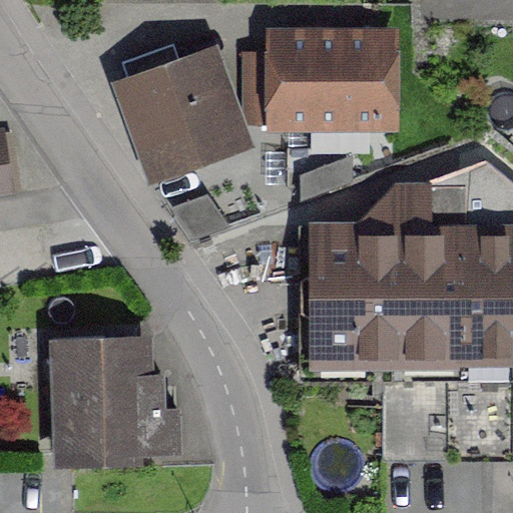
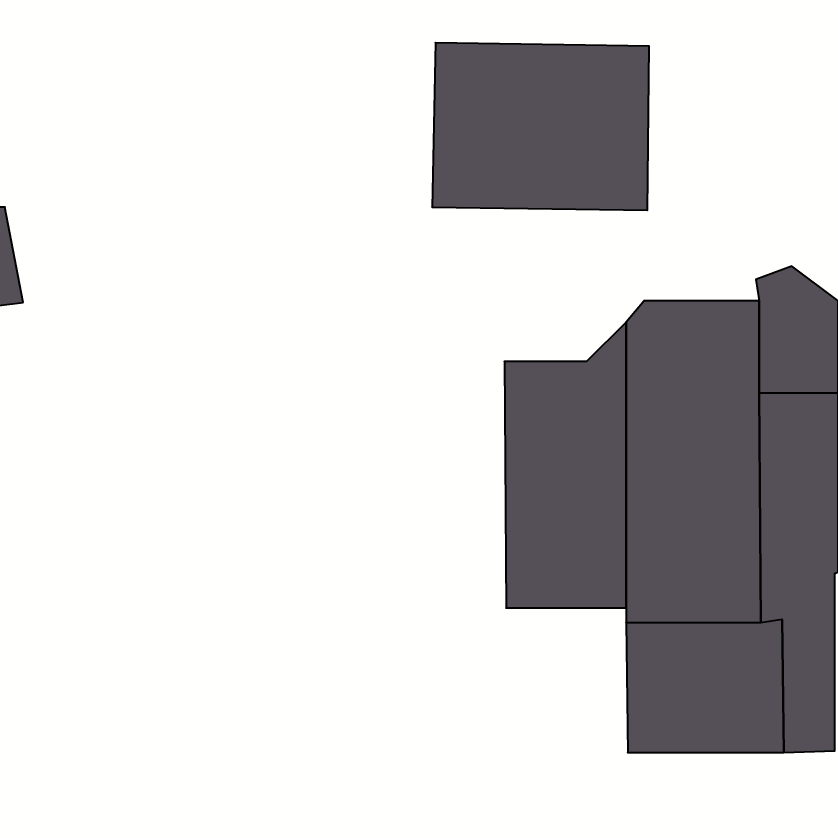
building: [111,46,253,185] -> none
building: [60,328,167,465] -> none

